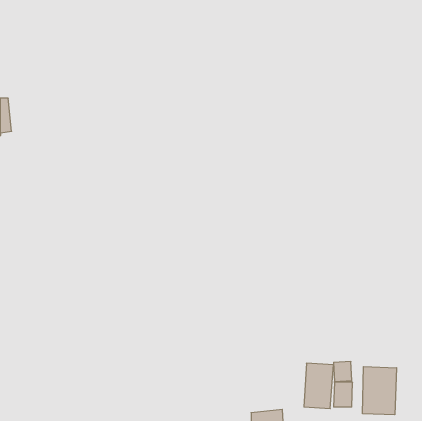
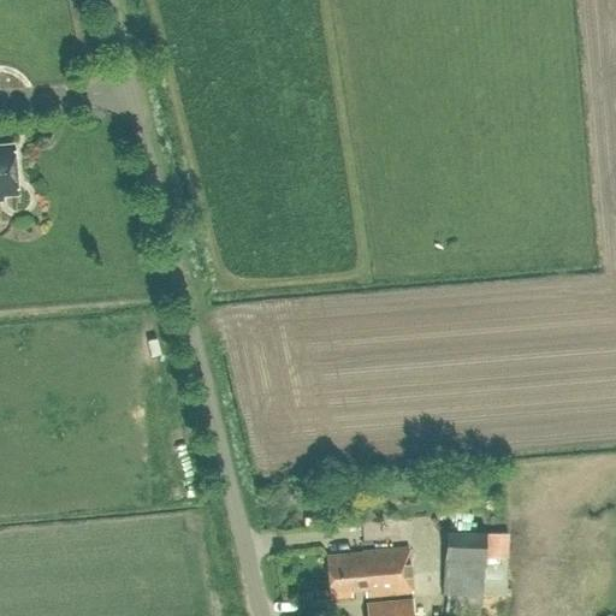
building: [363,367,397,415] -> none
building: none -> [326,549,411,600]

